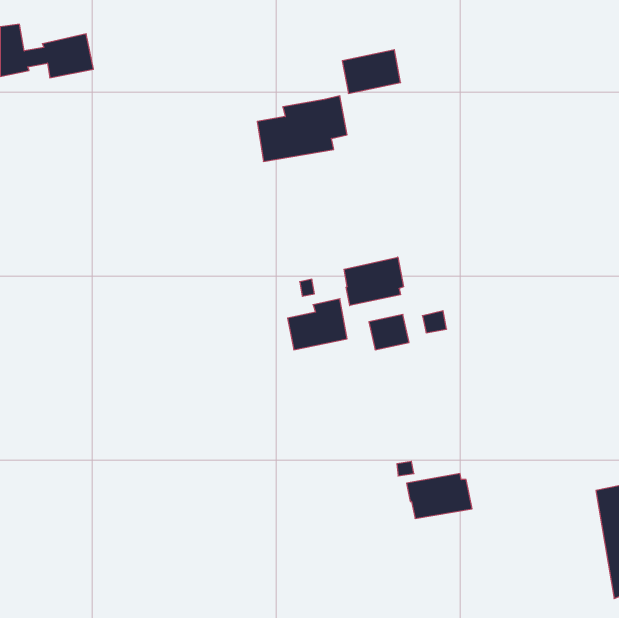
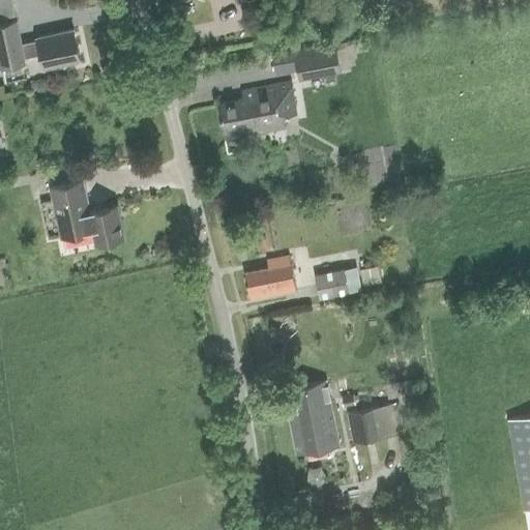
building: none -> [51,181,127,244]
building: [344,257,403,306] -> none
building: none -> [291,382,340,455]

